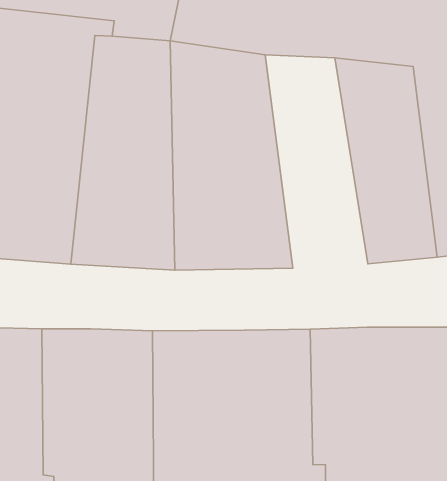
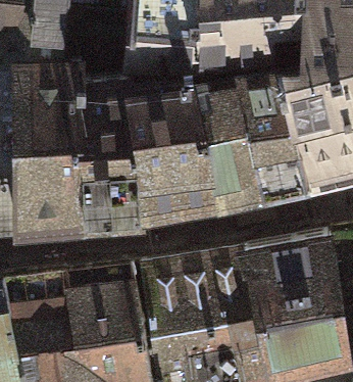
building: none -> [189,74,272,212]

